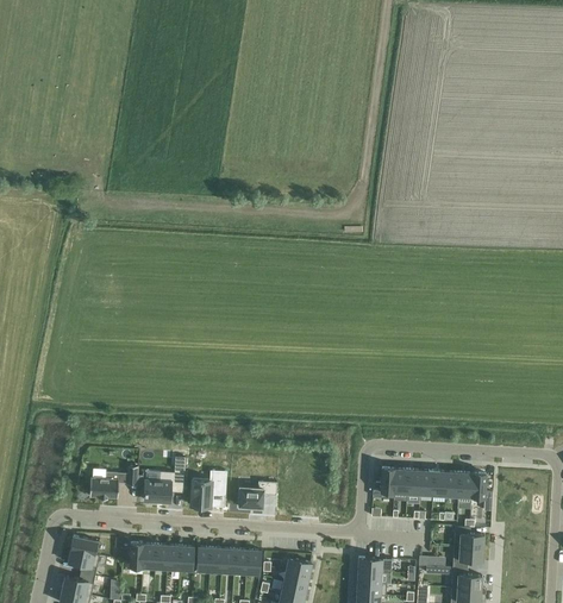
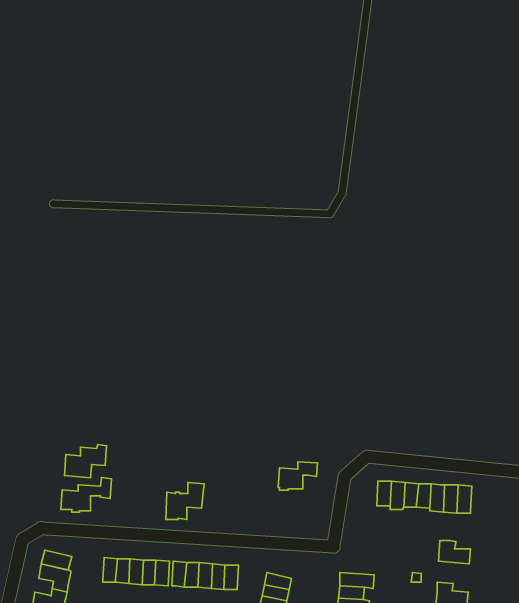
building: [371,469,394,498] -> none
building: [143,471,183,503] -> [64,445,106,478]
building: [238,482,276,509] -> [278,462,318,490]
building: [451,547,482,569] -> none

